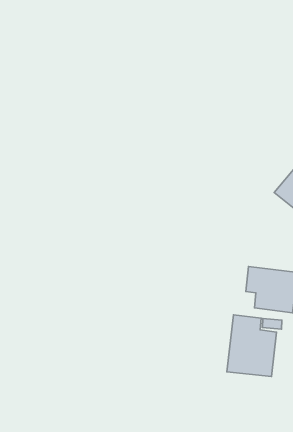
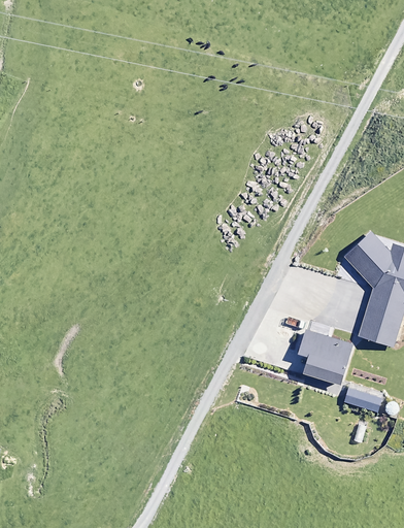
building: [227,315,277,376] -> none

